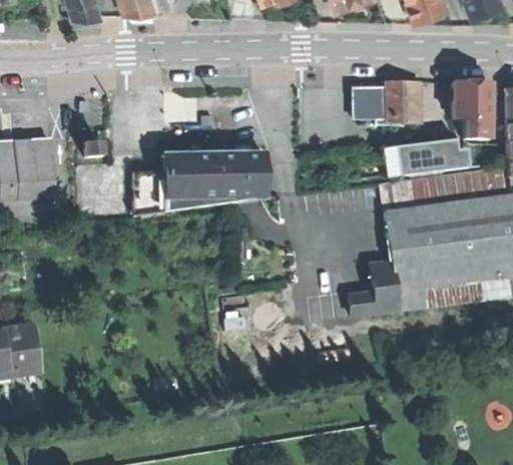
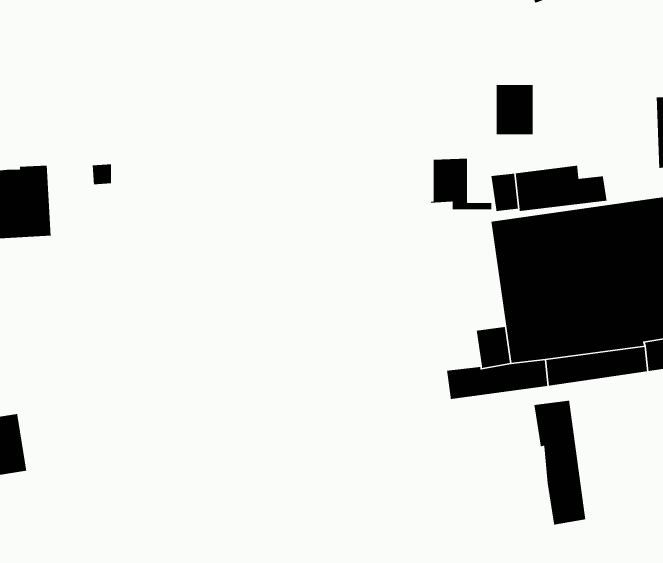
building: [453,80,489,136] -> none
building: [358,84,404,123] -> [430,158,492,210]
building: [133,151,265,214] -> none
building: none -> [534,400,586,526]

